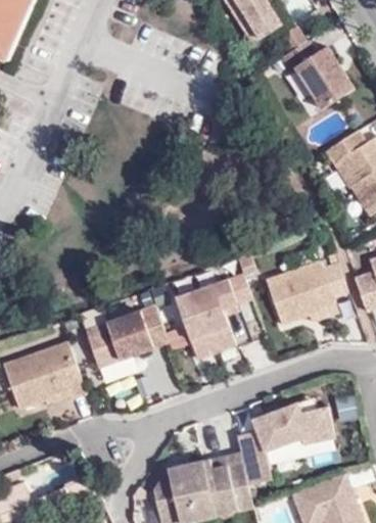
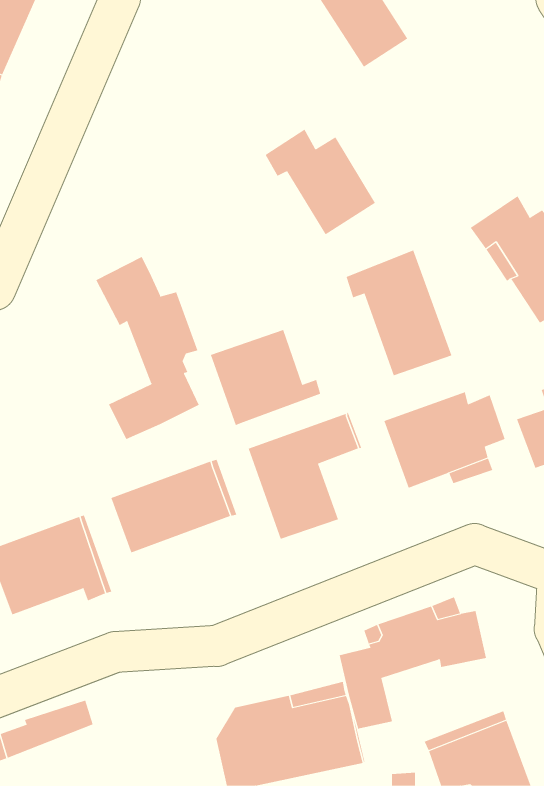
building: [279,42,353,112] -> [265,129,376,235]
building: none -> [346,249,452,376]
building: none -> [95,256,199,440]
building: none -> [210,329,321,426]

